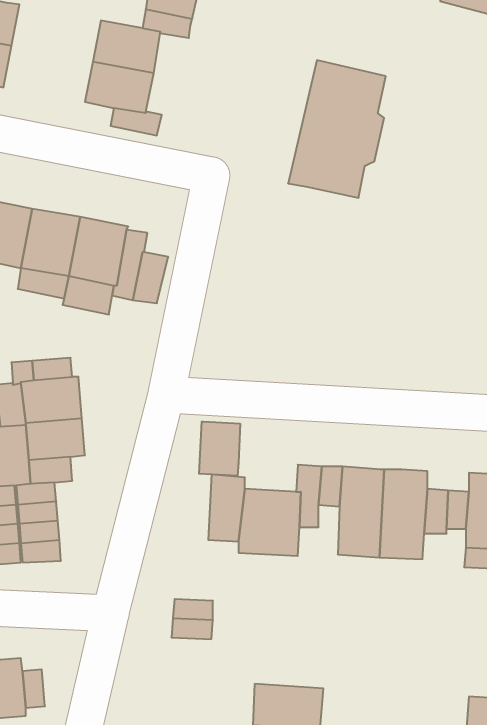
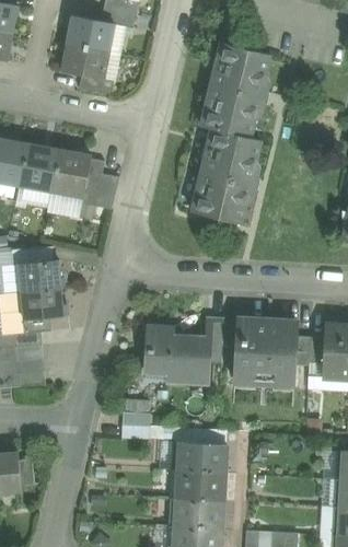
building: none -> [194,128,262,222]
building: [199,422,240,476] -> none
building: none -> [178,440,227,472]

